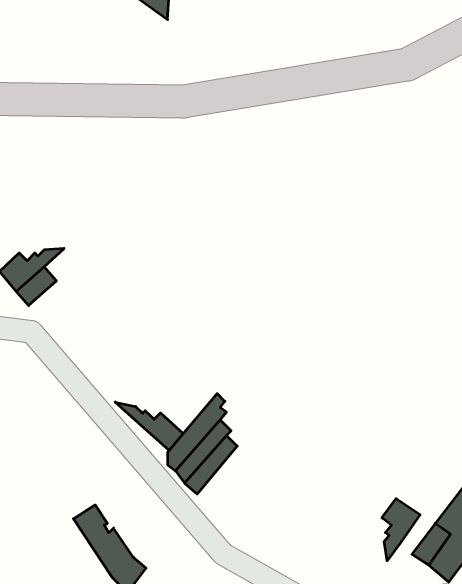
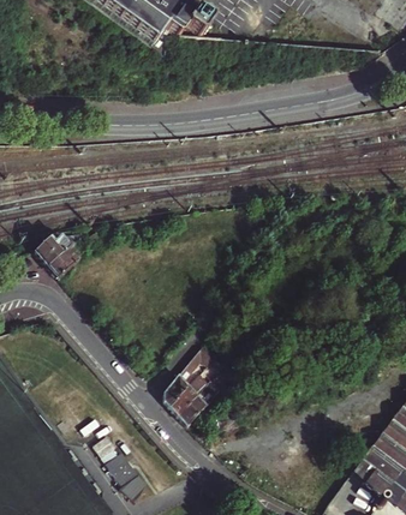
building: [115,402,183,450] -> none
building: [382,499,420,561] -> none

